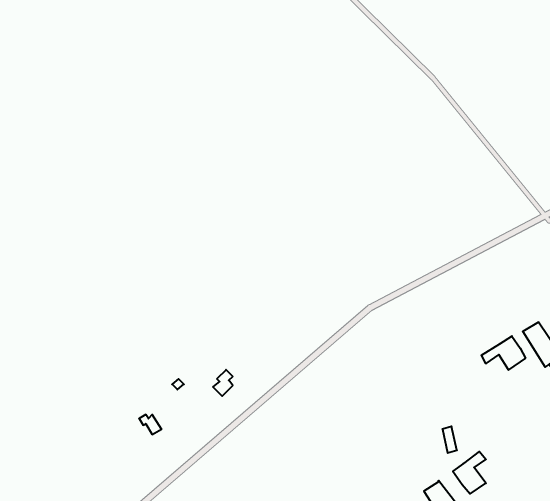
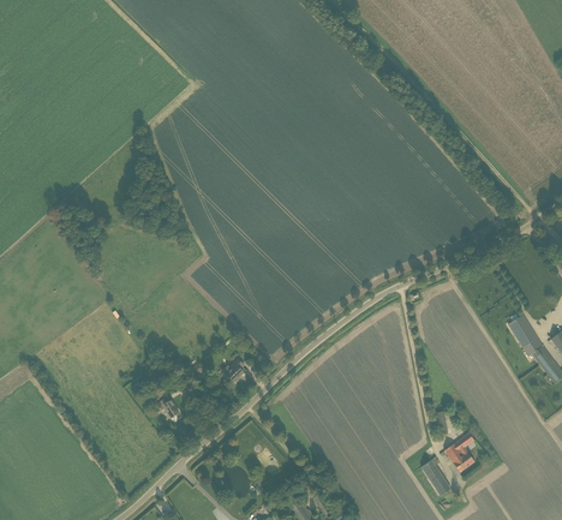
building: [481,336,525,370] -> none

